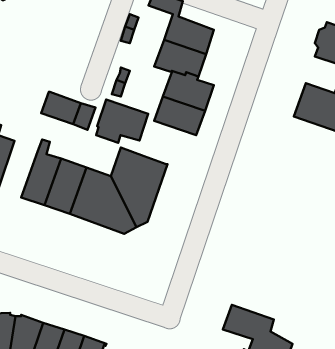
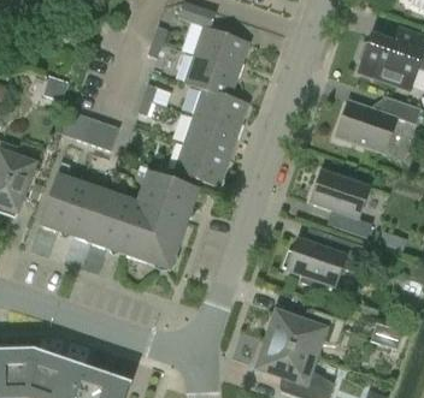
building: [96,100,148,143] -> [172,141,229,188]
building: none -> [310,170,371,237]
building: none -> [282,234,364,286]
building: none -> [267,307,344,356]

